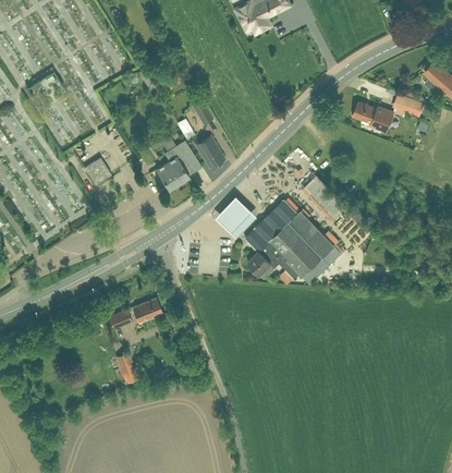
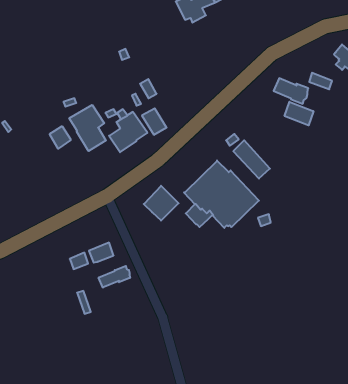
building: none -> [285,102,313,125]
building: none -> [69,105,106,151]
building: [216,195,257,237] -> [144,186,179,221]
building: none -> [99,266,130,288]

